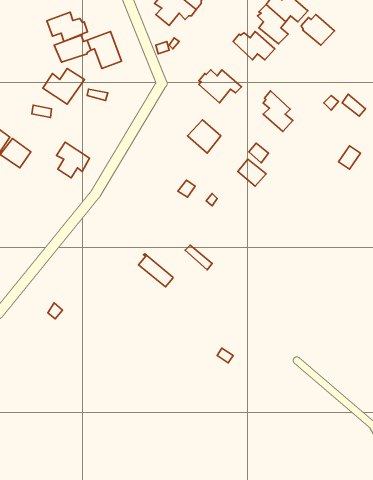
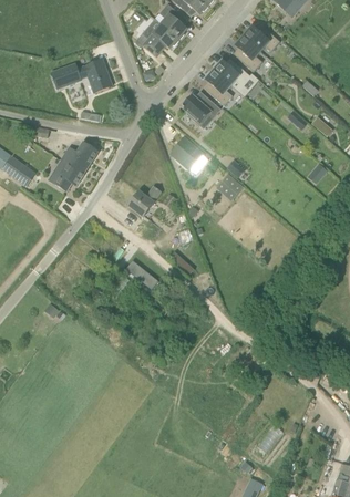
building: [47,12,88,42] -> none
building: [301,15,335,45] -> none
building: [43,69,84,104] -> [60,142,97,174]
building: [263,91,293,131] -> [205,69,231,105]
building: none -> [127,186,161,217]

